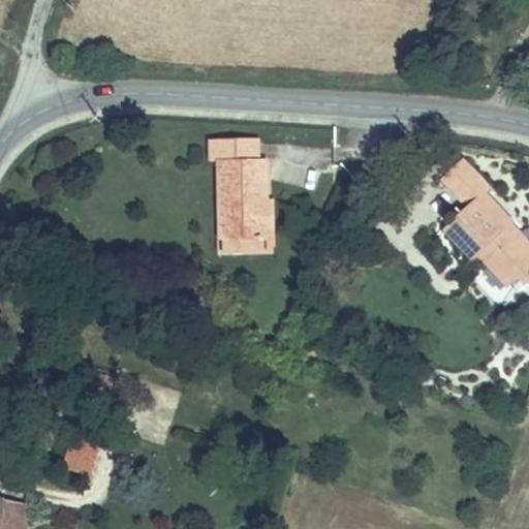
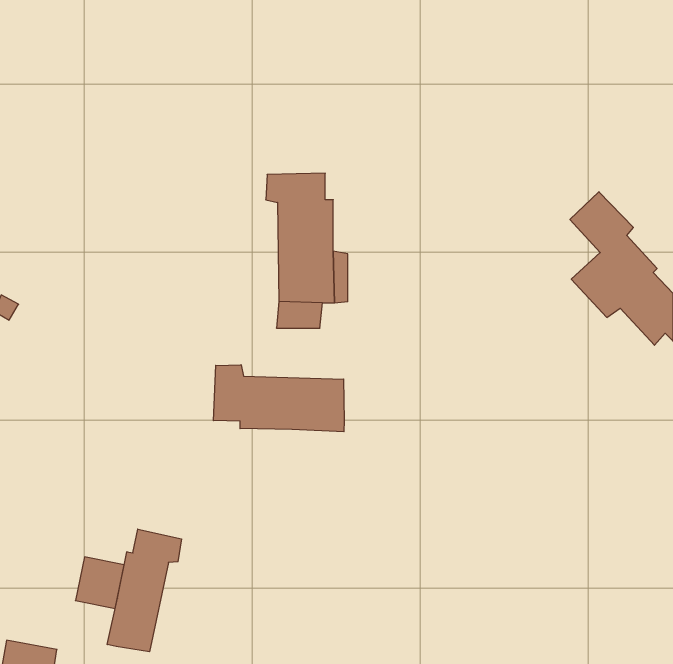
building: none -> [213,365,344,432]
building: none -> [107,529,181,652]

